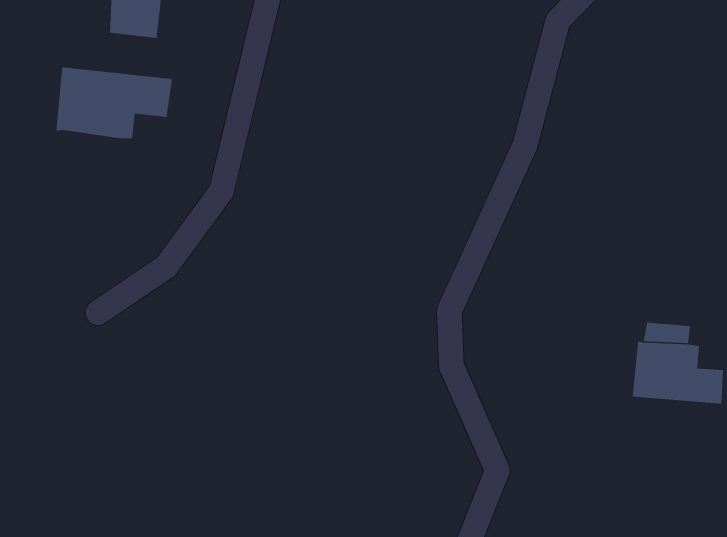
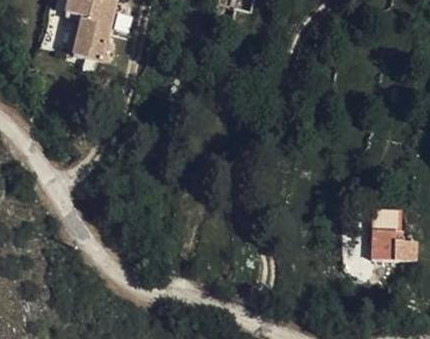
building: [56,66,173,139] -> none

